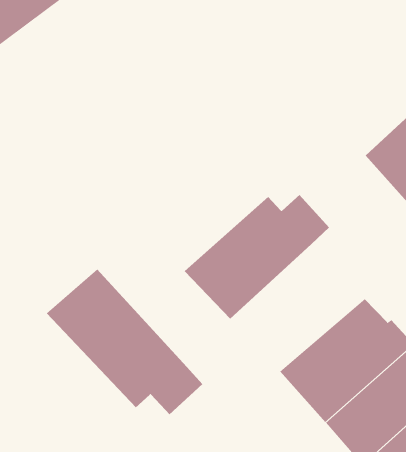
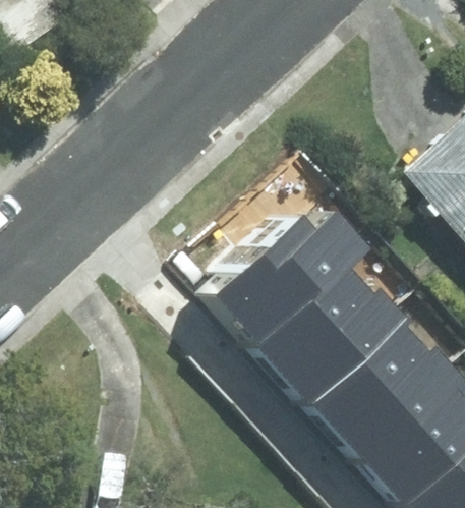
building: none -> [263,269,407,405]
building: [46,268,203,415] -> none

